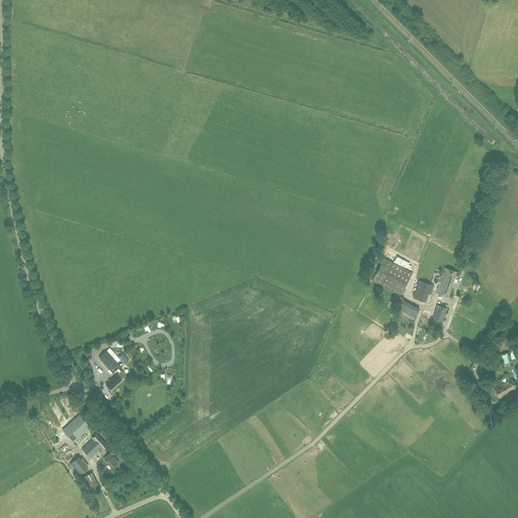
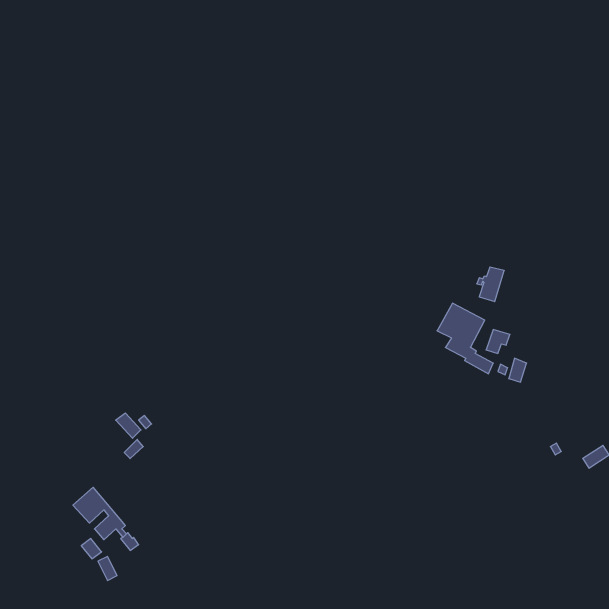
building: [433,267,456,296] -> [477,267,504,302]

